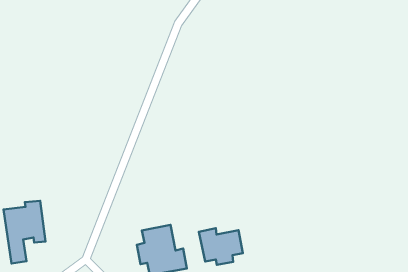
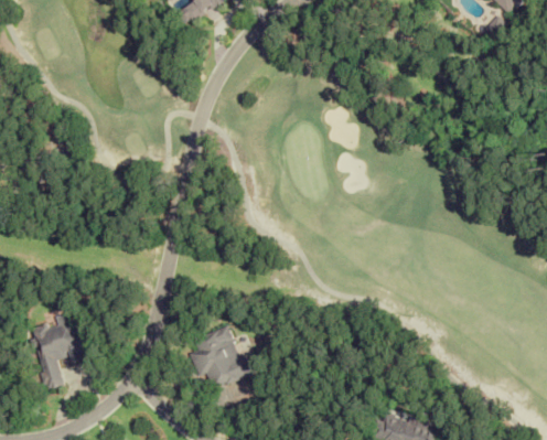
building: [199,228,243,265] -> none

